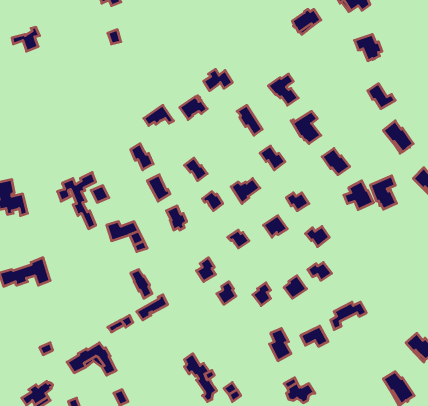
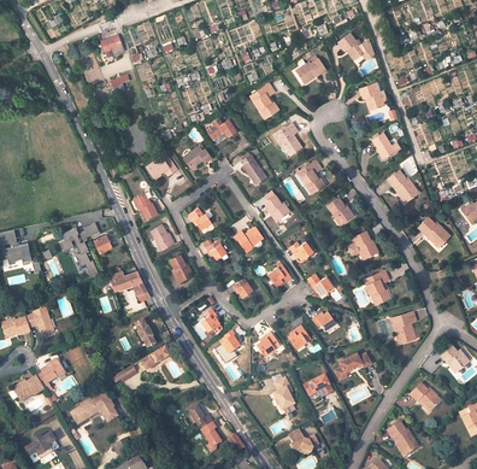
building: none -> [249,83,279,118]
building: [370,176,397,209] -> [364,270,390,304]
building: none -> [390,311,417,344]
building: none -> [12,359,64,399]

